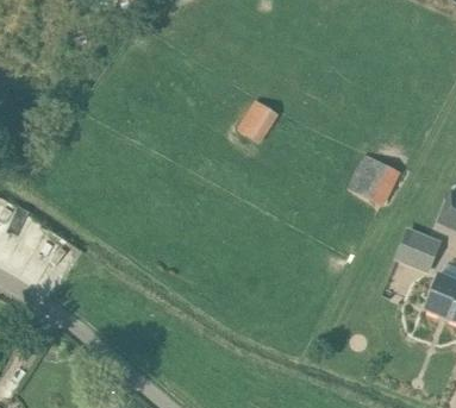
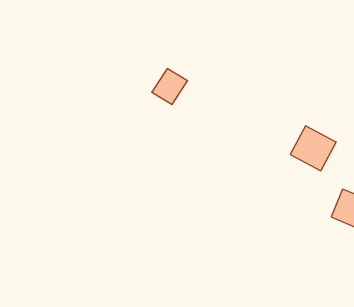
building: [238,102,280,144] -> [152,69,188,104]

